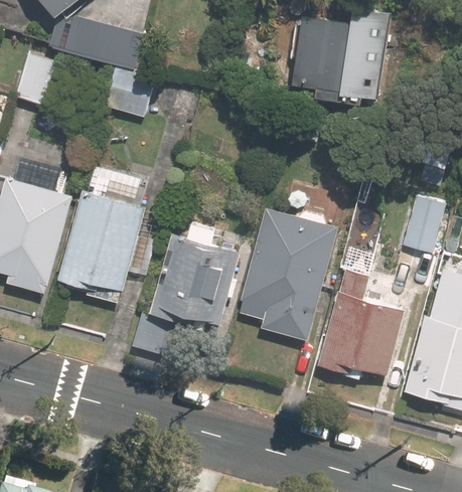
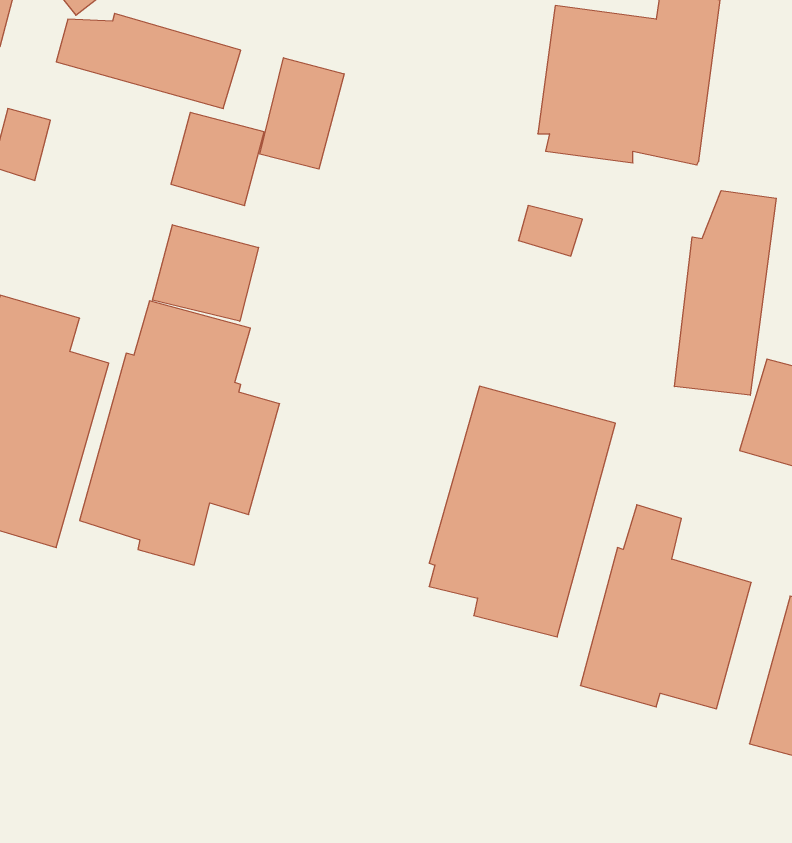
building: none -> [260,58,344,169]
building: none -> [674,191,776,395]
building: none -> [153,225,259,321]
building: [127,223,239,357] -> none

